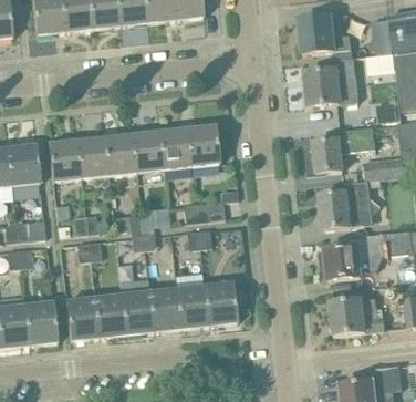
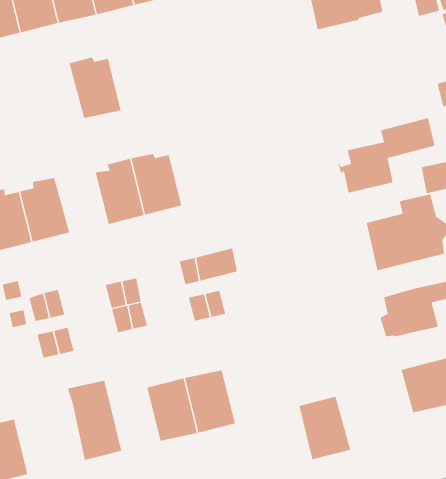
building: [304,66,358,106] -> none
building: [186,122,219,166] -> none
building: [103,132,136,175] -> [68,57,122,119]
building: [119,279,153,334] -> none
building: [204,282,237,326] -> [299,396,351,460]
building: [65,297,97,341] -> none

